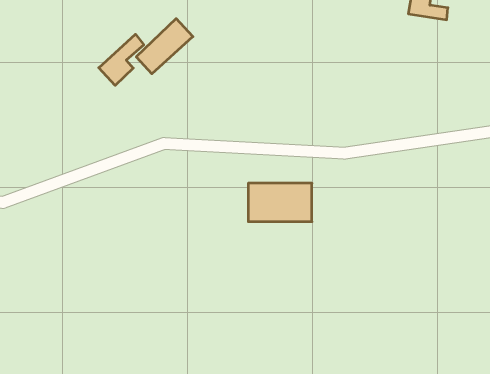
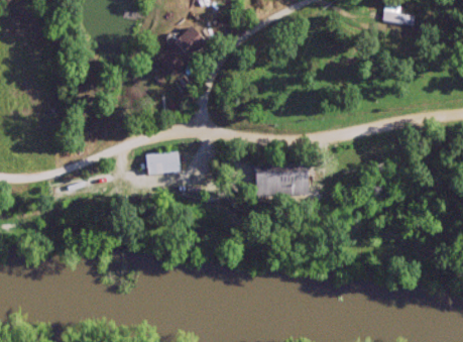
building: [99,34,144,85] -> none
building: none -> [145,152,181,174]

